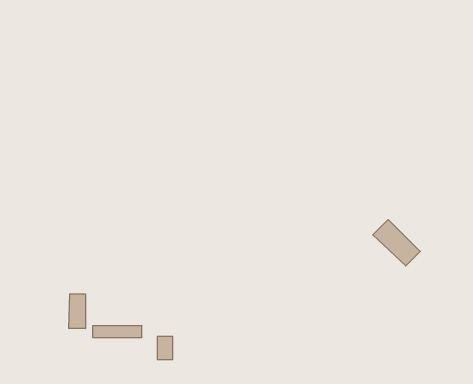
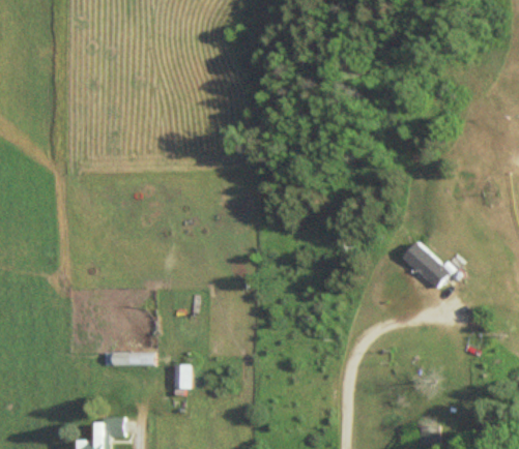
building: [69,294,85,329] -> none

